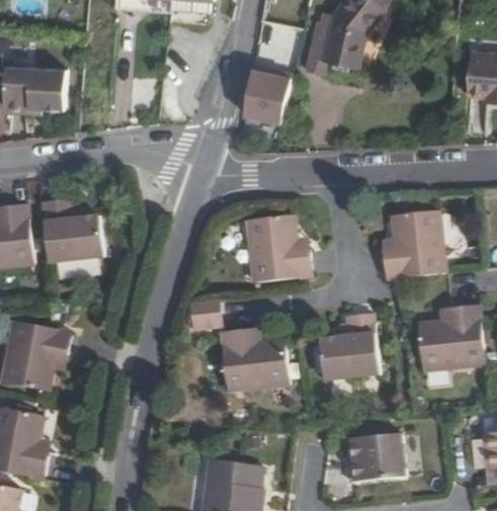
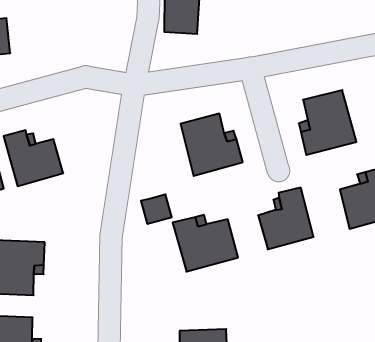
building: [346,434,403,481] -> none

